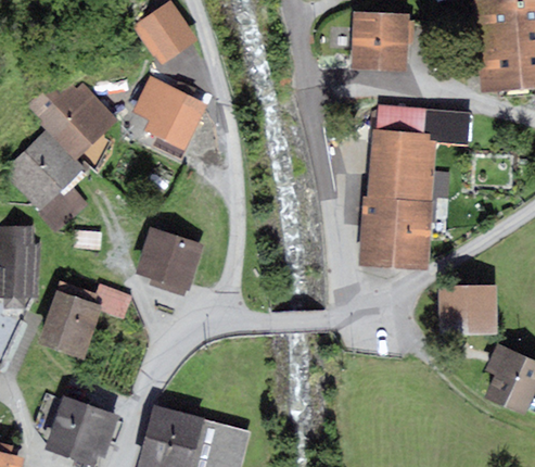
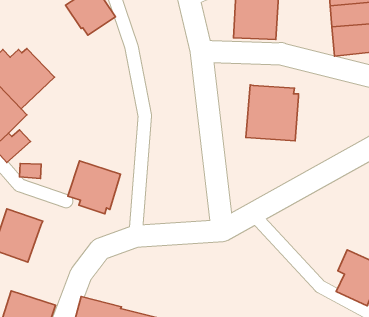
building: [132,77,207,151] -> none
building: [377,105,472,147] -> none
building: [358,198,433,272] -> none
building: [56,280,131,318] -> none
building: [438,286,497,336] -> none

